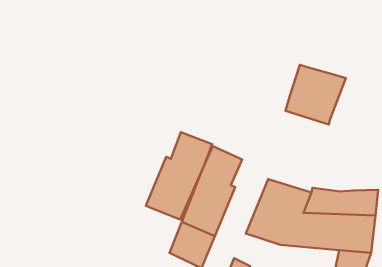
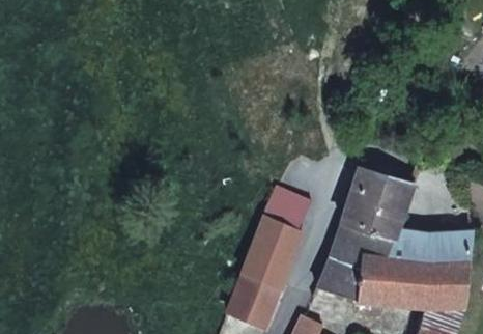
building: [285,65,346,124] -> [342,169,413,239]
building: [146,132,212,220] -> none

